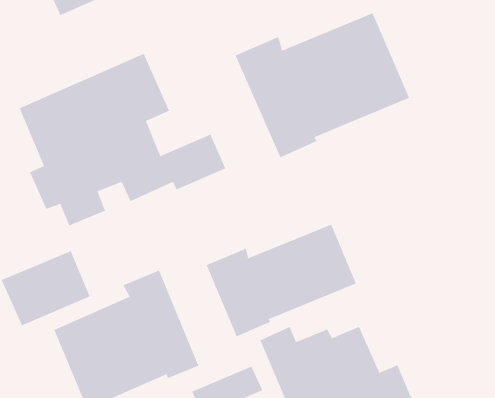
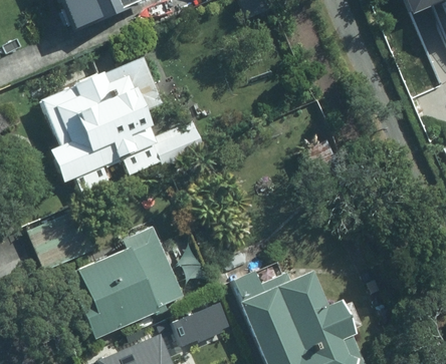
building: [235,13,410,158] -> none
building: [206,224,356,337] -> none

